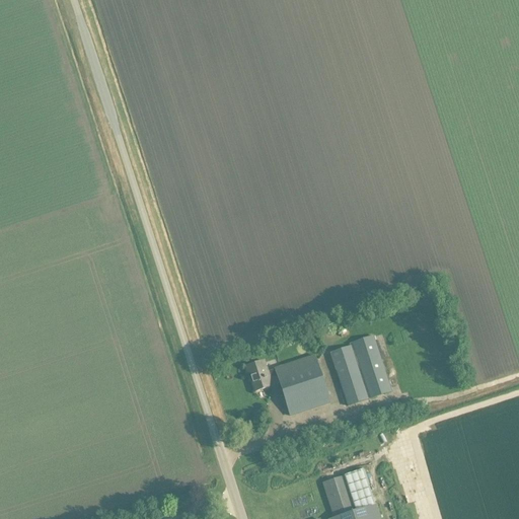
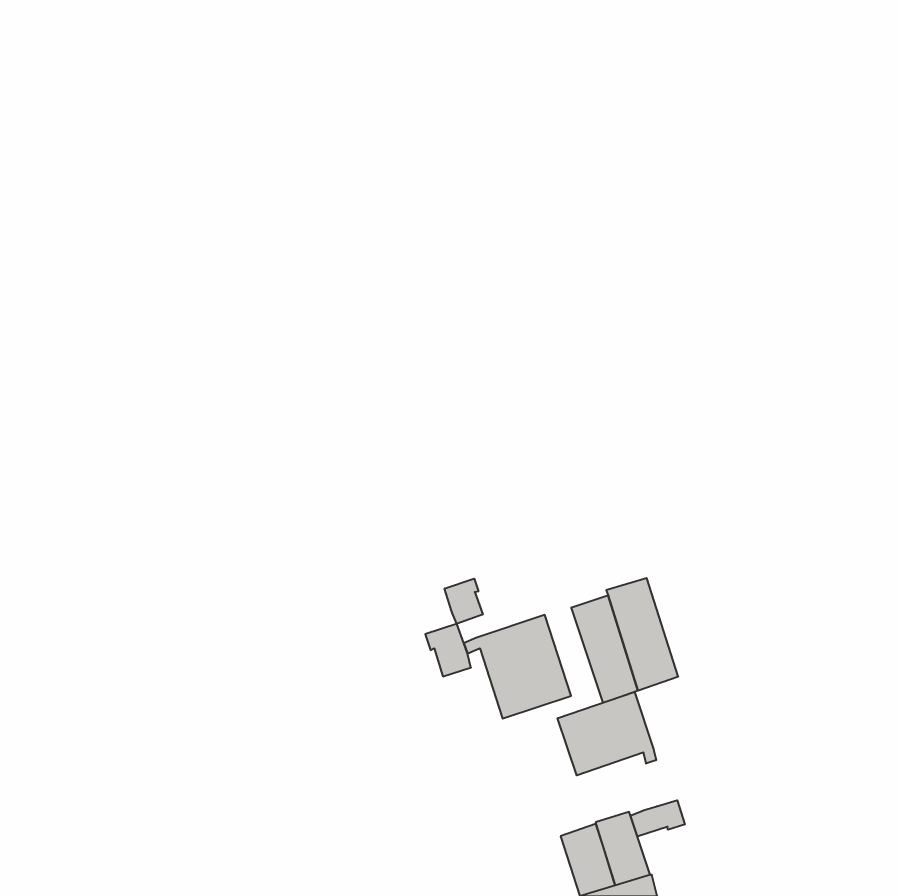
building: none -> [445,579,483,624]
building: none -> [558,692,656,775]
building: none -> [630,800,685,837]

